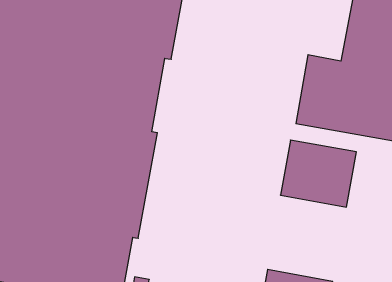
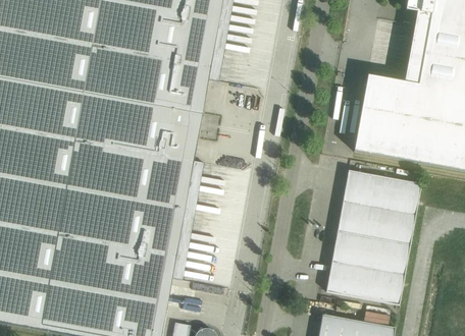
building: none -> [326,231,410,305]

